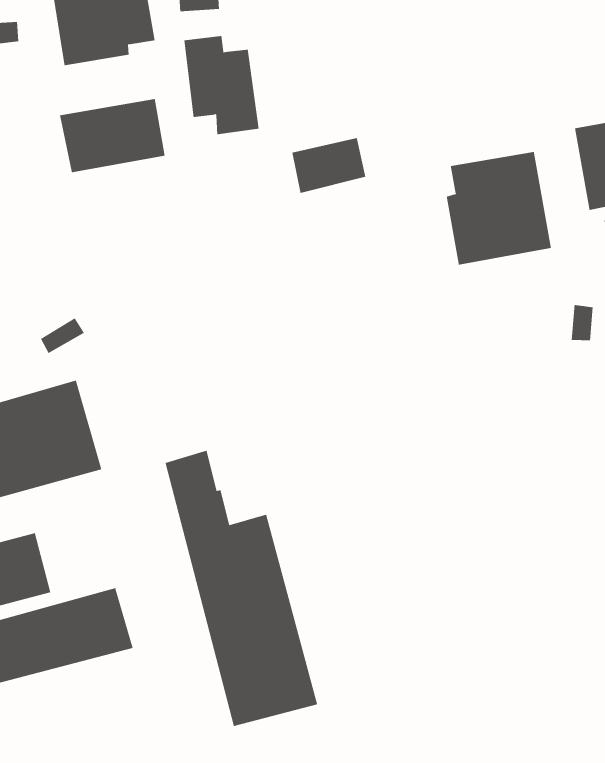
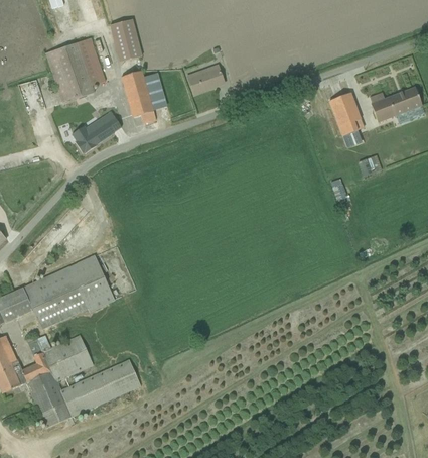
building: [291,137,366,194] -> [185,65,225,97]
building: [446,151,552,266] -> none
building: [165,450,318,727] -> none

